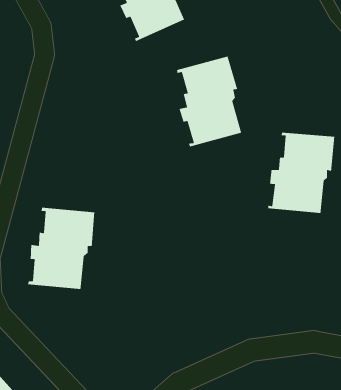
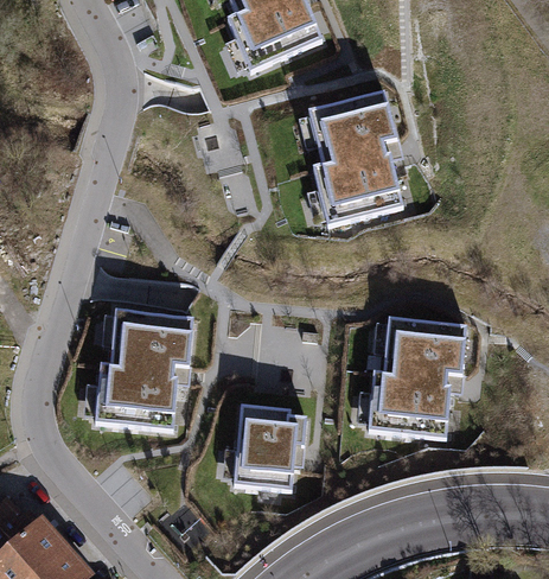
building: [267,132,335,214] -> [369,317,466,434]
building: none -> [234,403,306,486]

